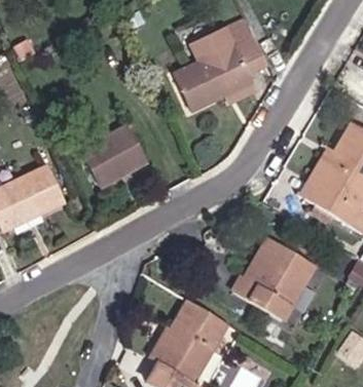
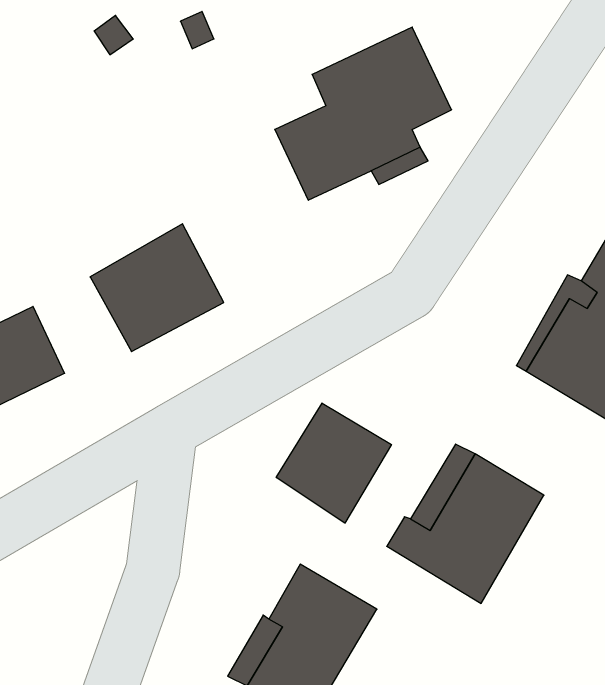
building: none -> [276,403,391,523]

